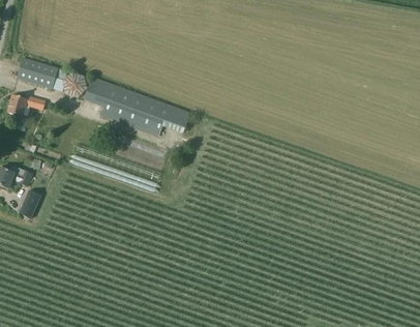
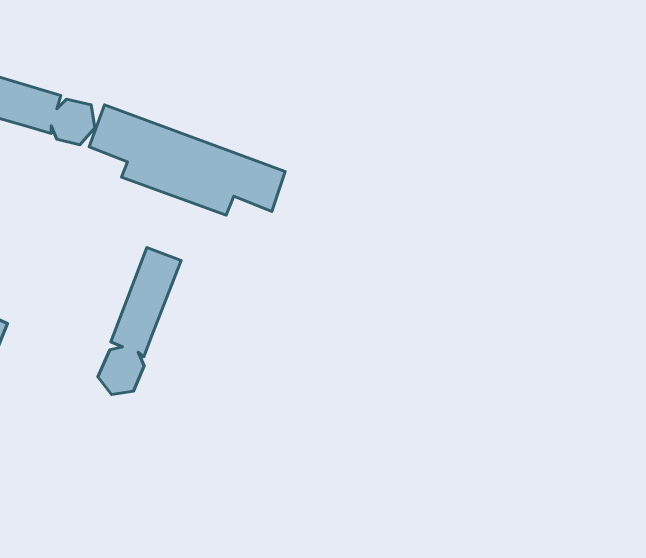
building: none -> [98,247,181,395]

